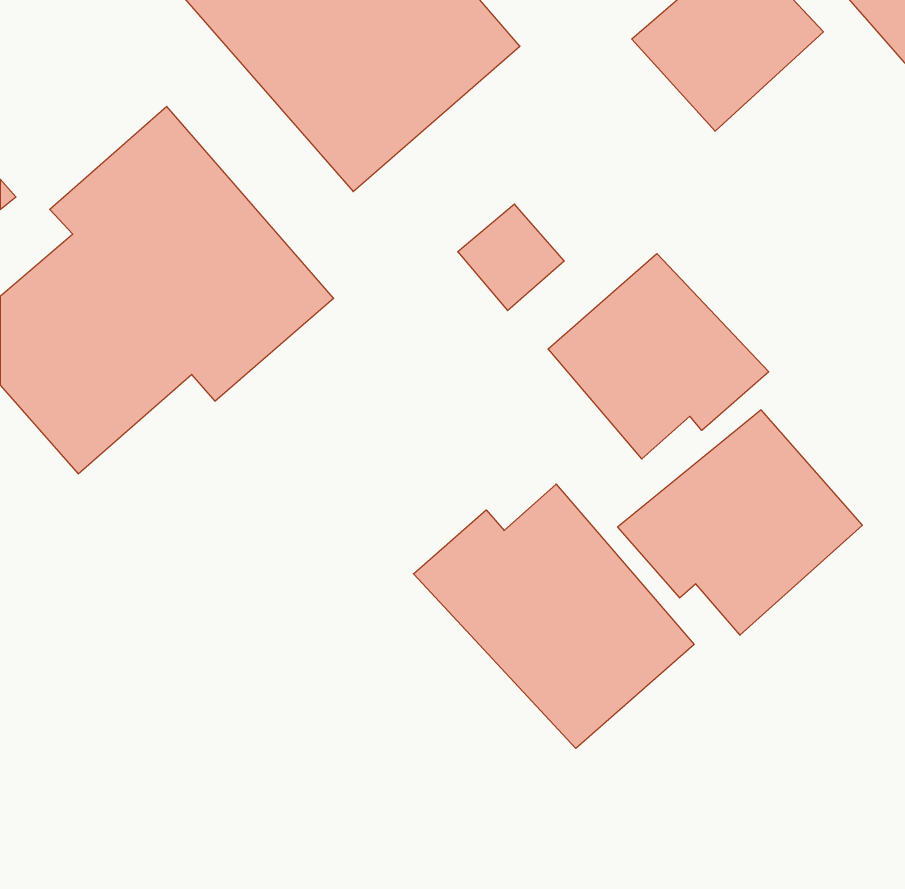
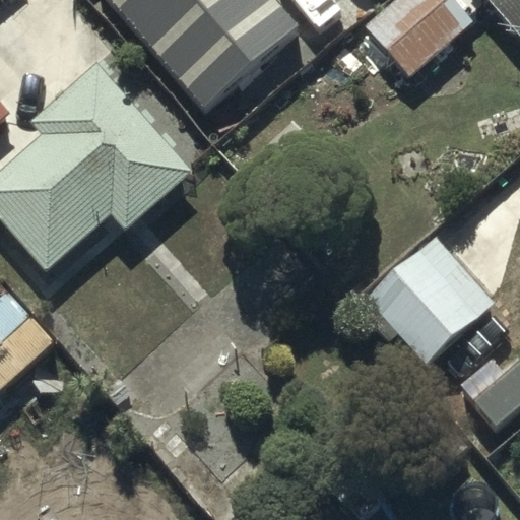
building: [548,254,769,459] -> none
building: [413,484,694,748] -> none

